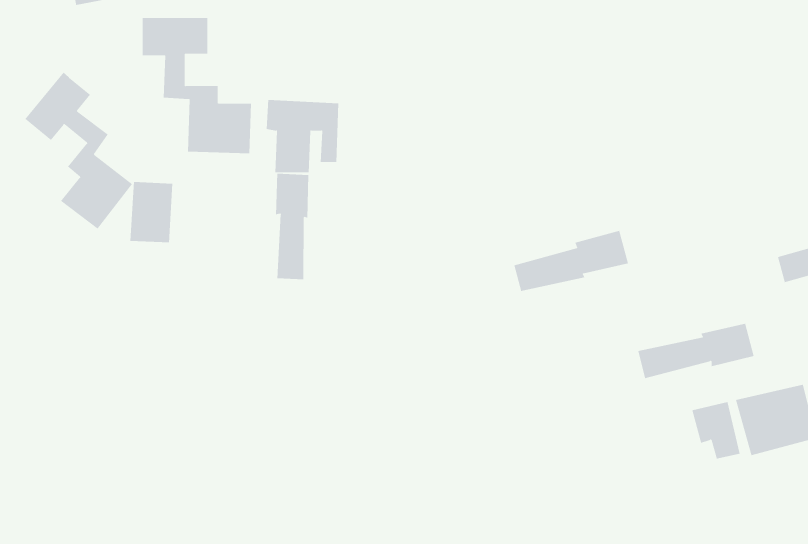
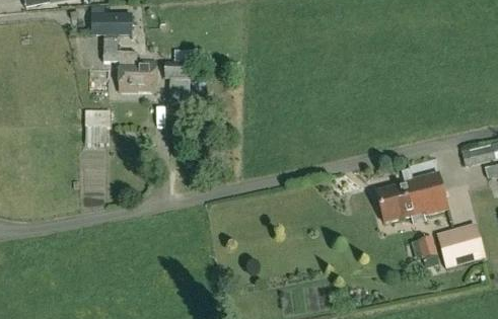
building: [25,72,133,230] -> none
building: [275,173,309,280] -> none
building: [514,230,629,291] -> [375,169,442,205]

